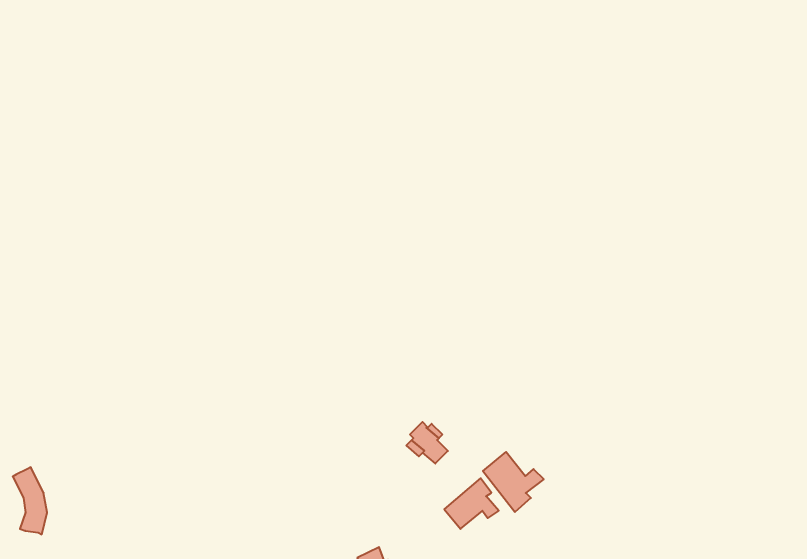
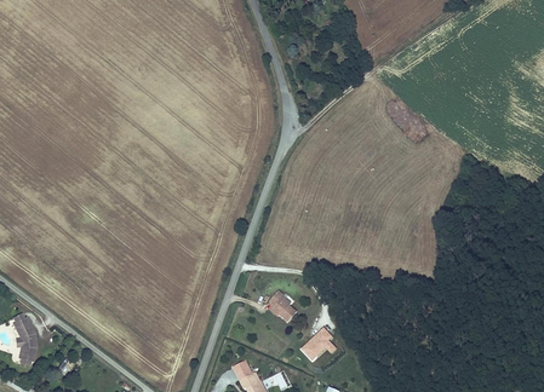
building: [483,452,544,512] -> none

